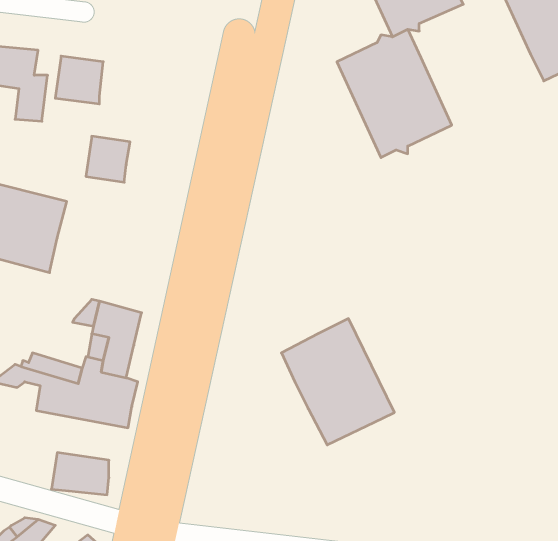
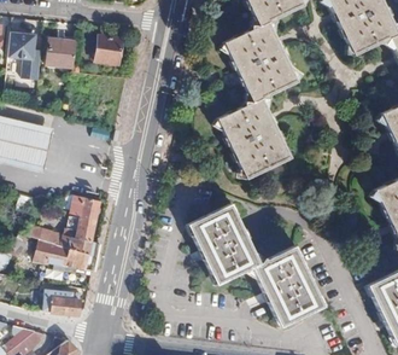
building: [86,136,130,182] -> [95,35,123,64]
building: none -> [217,97,288,178]
building: none -> [252,245,322,326]

